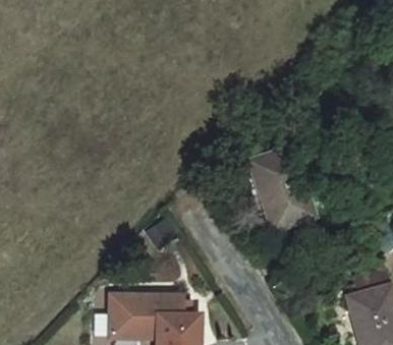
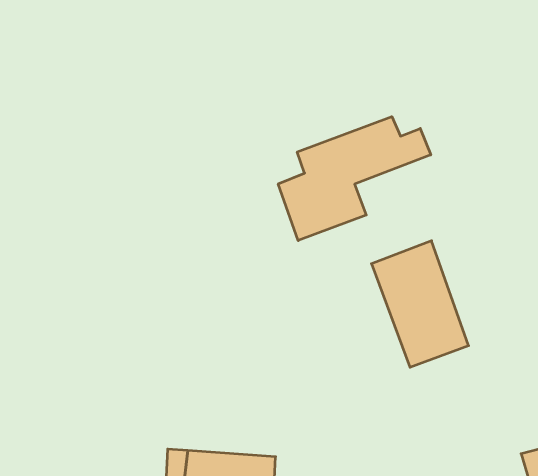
building: none -> [278,117,431,241]

